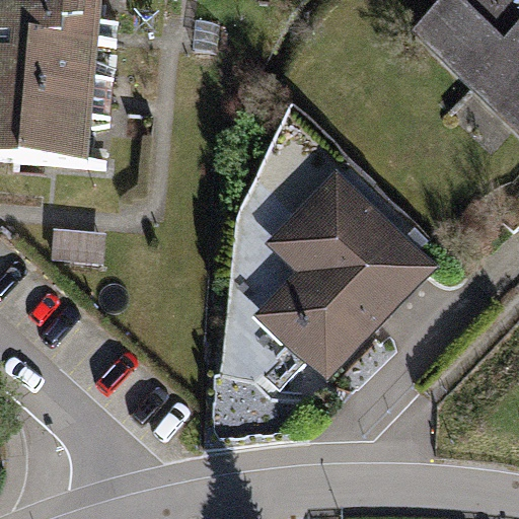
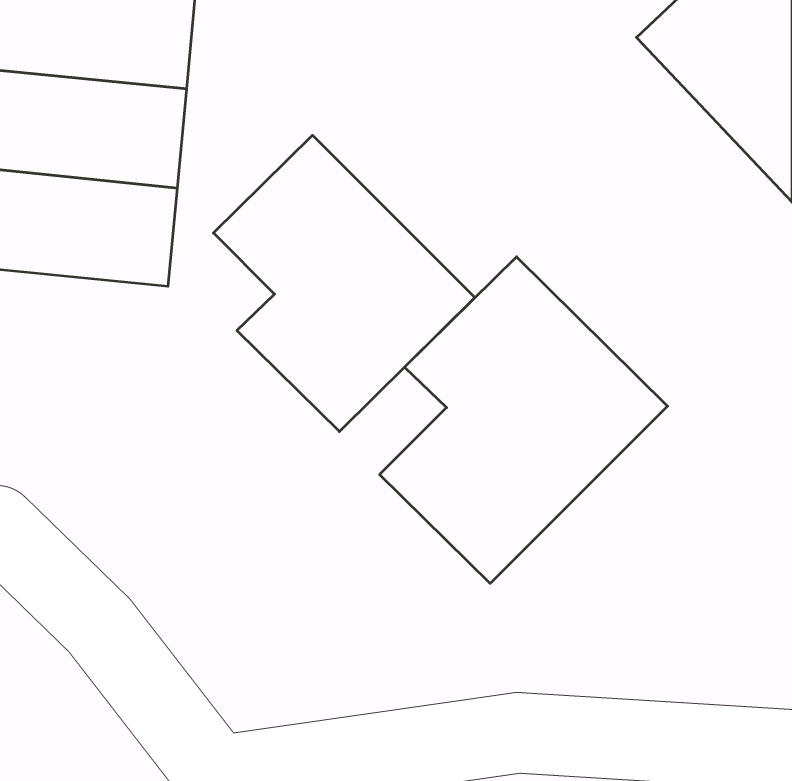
building: none -> [213,135,475,432]

